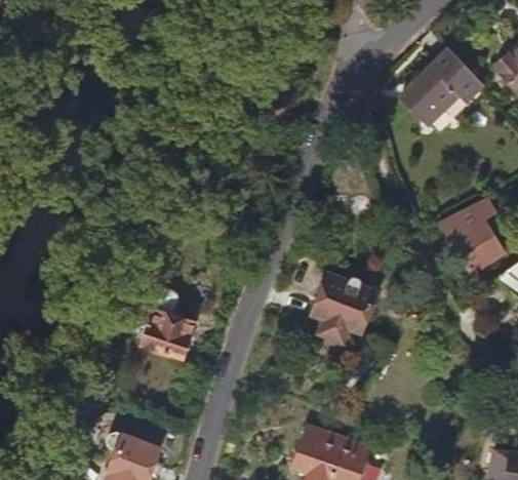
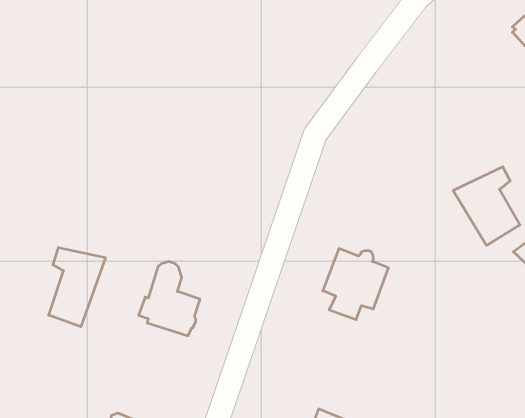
building: [401,51,483,125] -> none
building: none -> [49,248,105,327]

